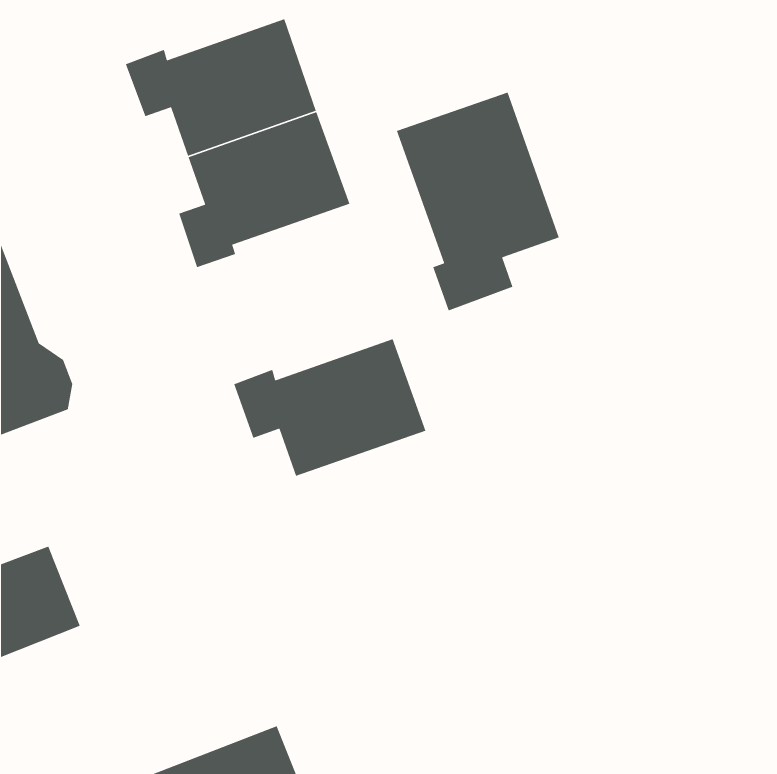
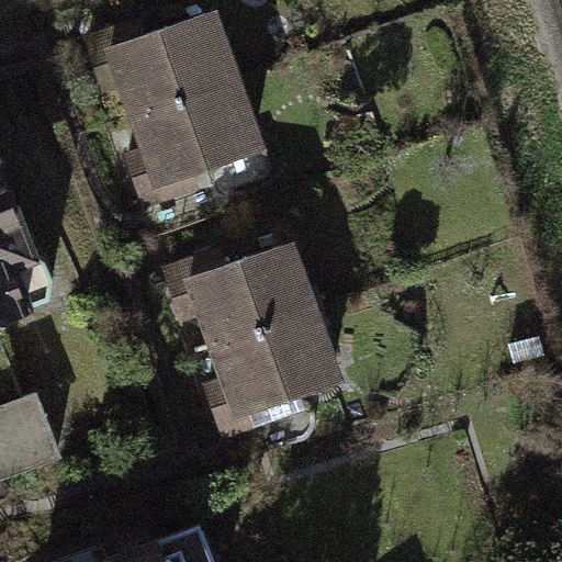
building: [396,92,560,311] -> none
building: none -> [207,314,331,427]

